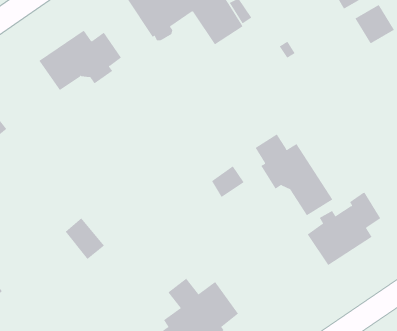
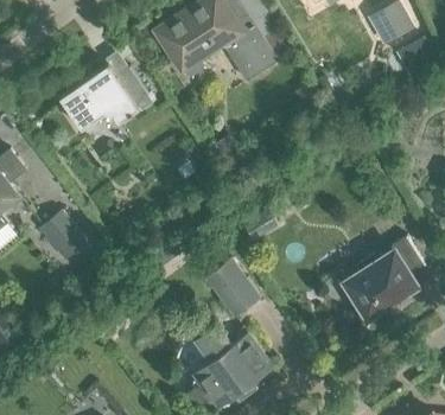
building: [255,133,333,216] -> none
building: none -> [205,258,260,318]
building: [65,218,105,260] -> [44,211,87,256]

